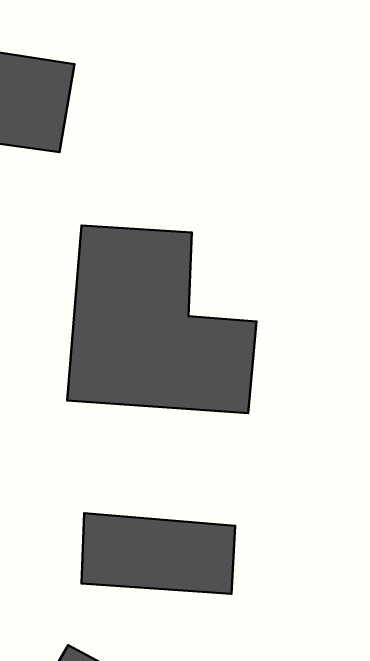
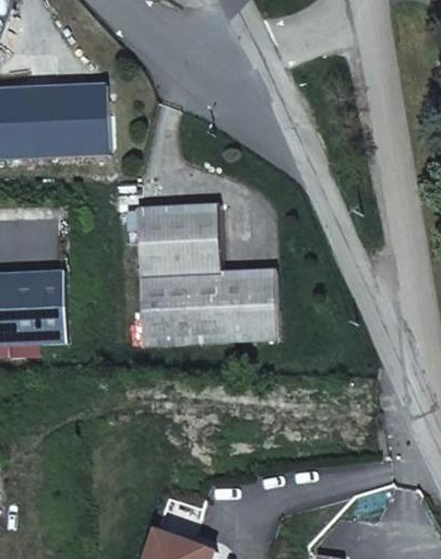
building: [82,513,235,594] -> none

